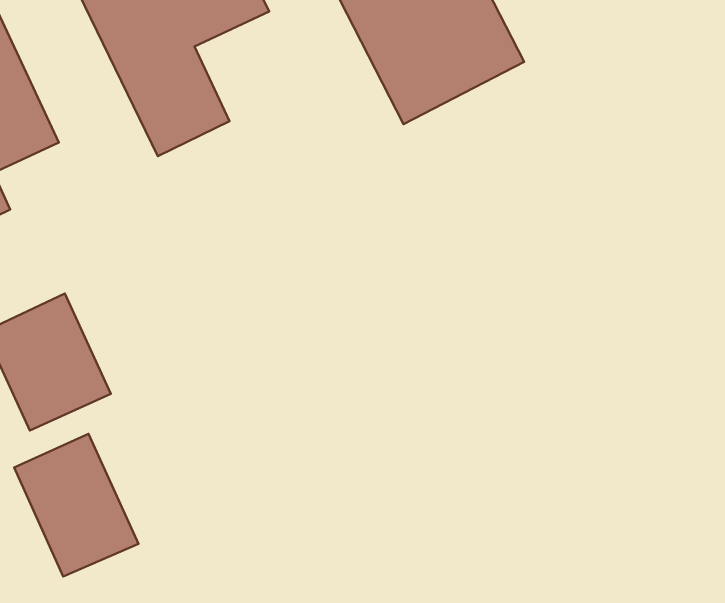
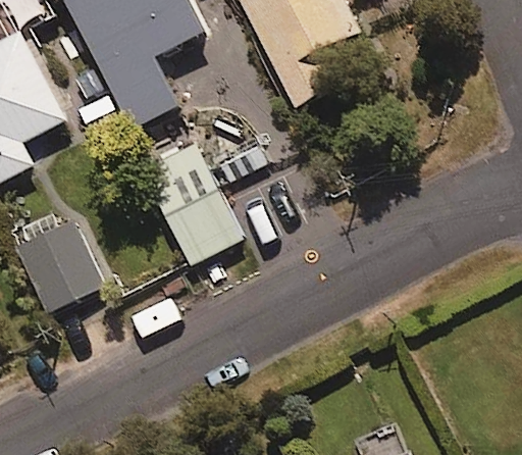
building: none -> [150,145,264,263]
building: [14,434,139,577] -> none

